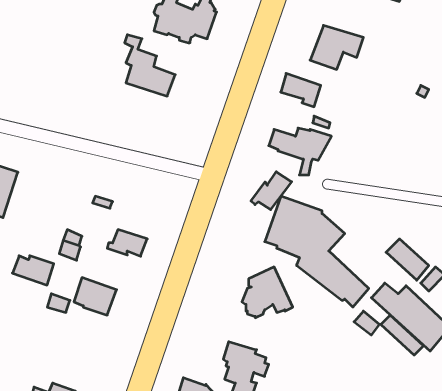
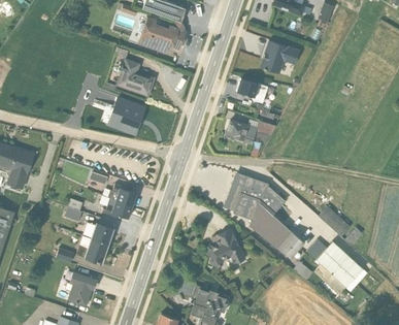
building: none -> [108,98,144,134]
building: [251,172,292,210] -> none
building: none -> [103,184,137,205]
building: [12,256,54,285] -> [82,222,114,245]
building: none -> [66,270,96,306]

